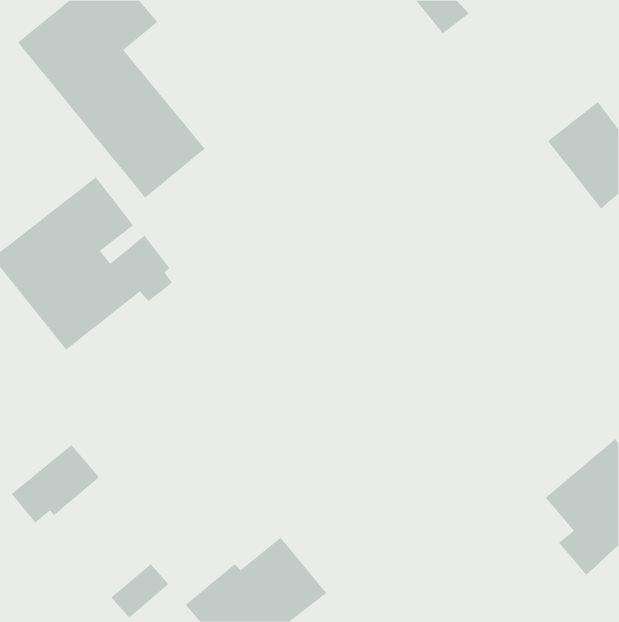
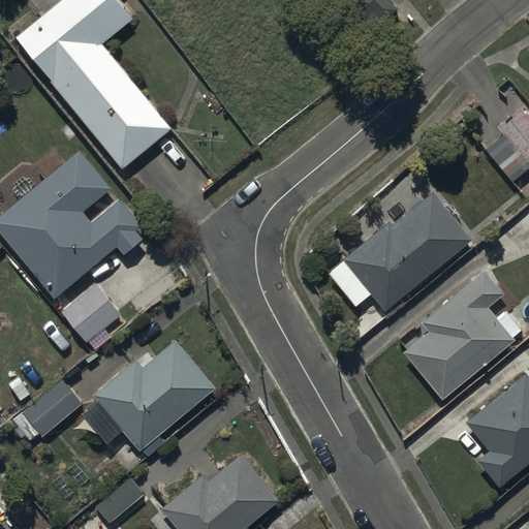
building: none -> [328,188,474,313]
building: none -> [398,271,521,401]
building: none -> [61,283,121,342]
building: none -> [89,339,215,462]

